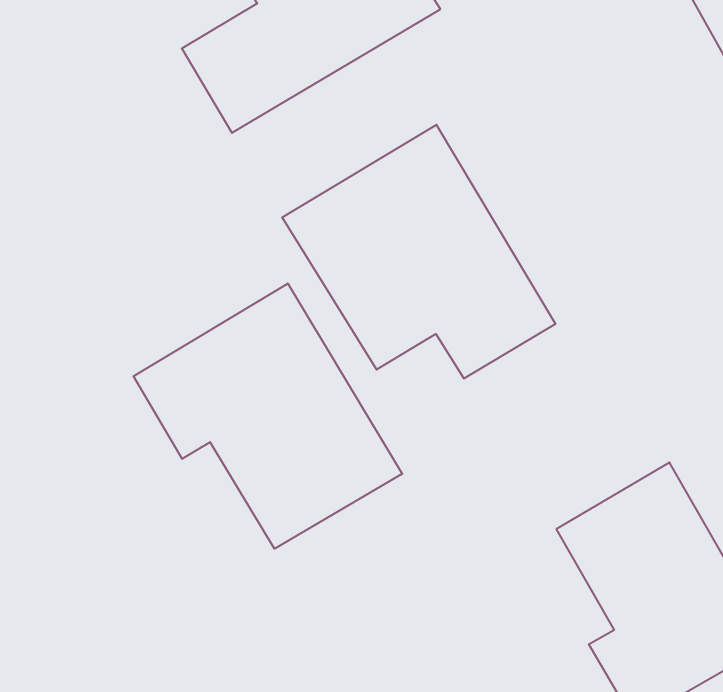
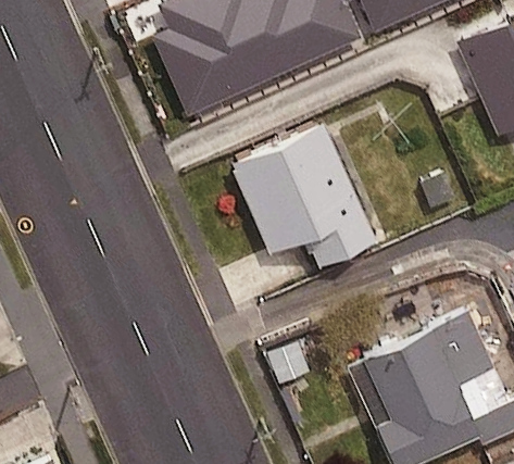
building: [134,283,402,549] -> none

